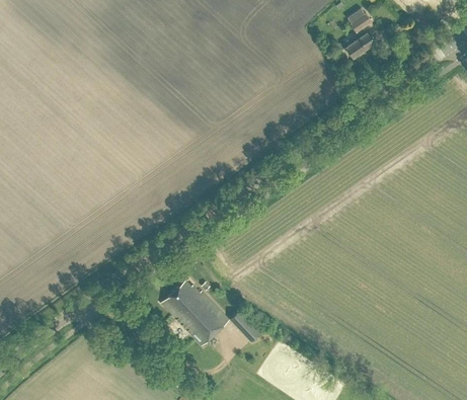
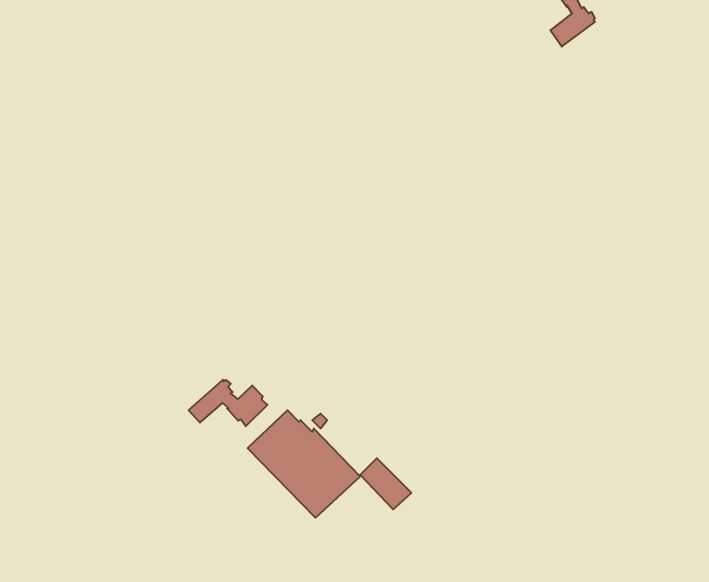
building: none -> [189,380,267,426]

